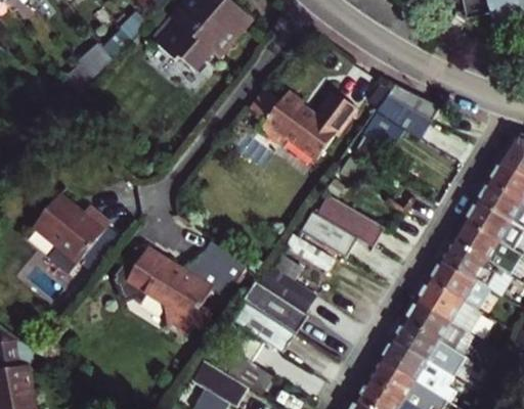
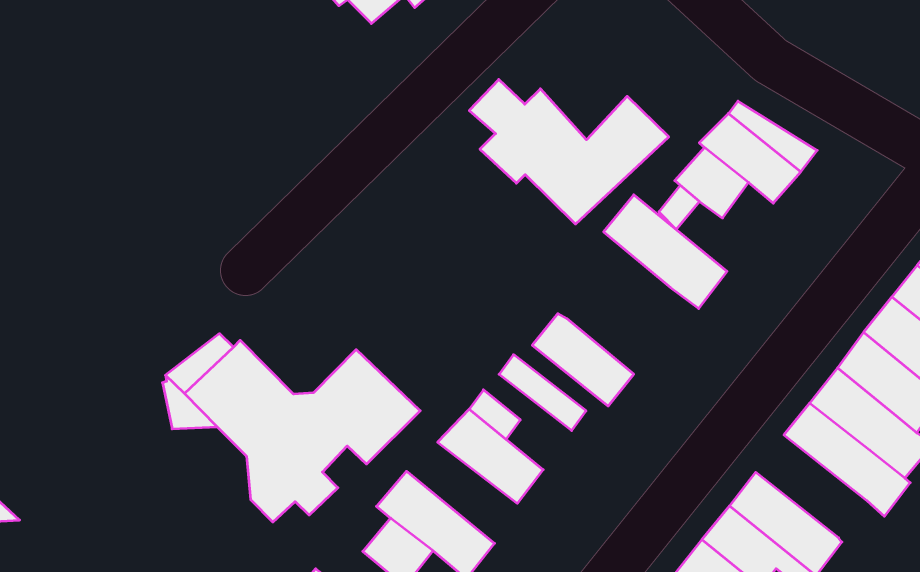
building: [319,190,387,245] -> [604,195,727,309]
building: [29,197,106,267] -> none
building: [429,258,489,308] -> none
building: [242,282,310,334] -> none

